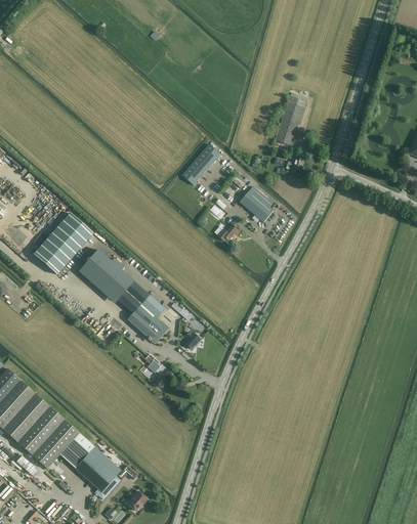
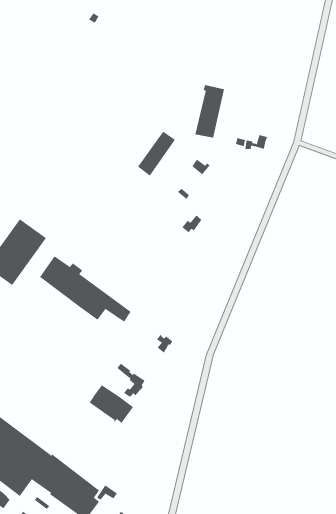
building: [274,95,305,145] -> [194,85,225,138]
building: [239,186,273,222] -> none
building: [127,304,168,342] -> [89,385,134,424]

